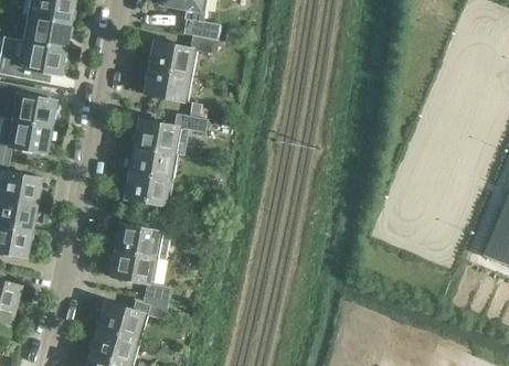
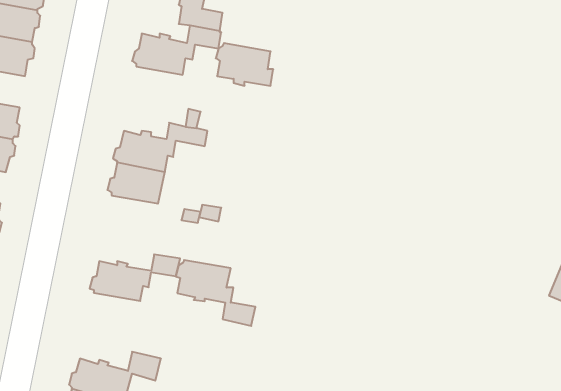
building: [144,68,190,103] -> [216,43,273,86]
building: [123,172,168,206] -> none
building: [109,250,173,303] -> [176,260,255,326]

